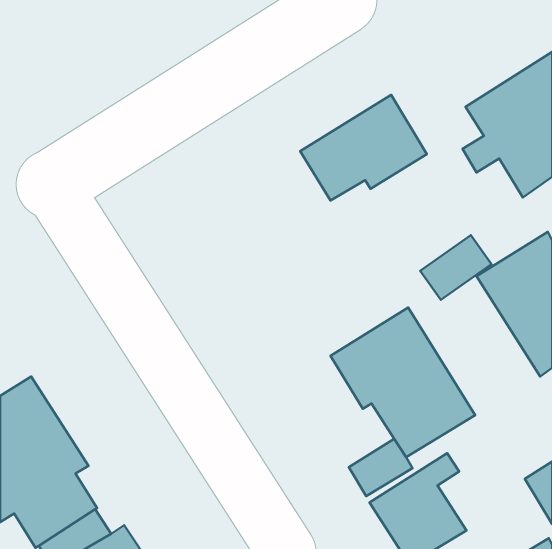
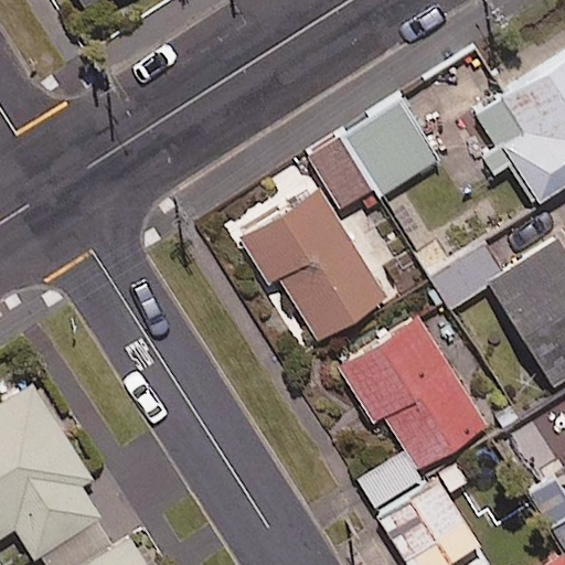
building: none -> [241,191,386,343]

